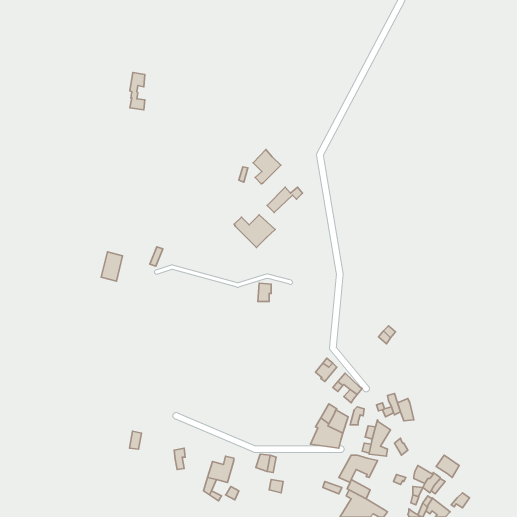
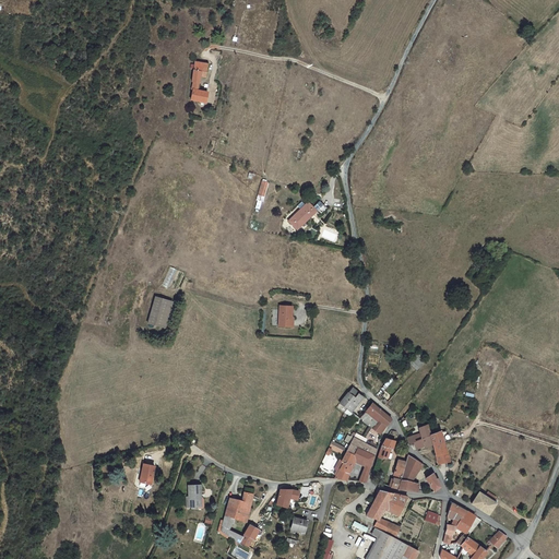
building: [130,73,145,110] -> [191,61,207,102]
building: [253,150,281,184] -> none
building: [234,215,275,247] -> none
building: [101,252,123,281] -> [150,296,173,328]

